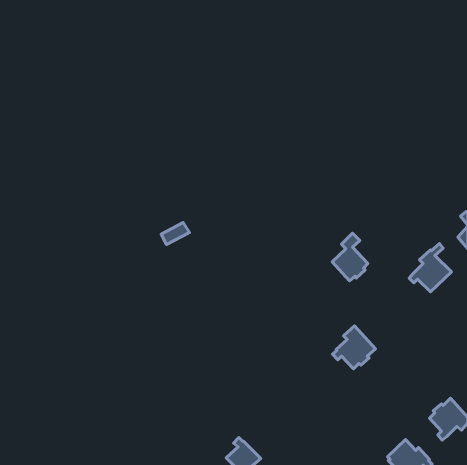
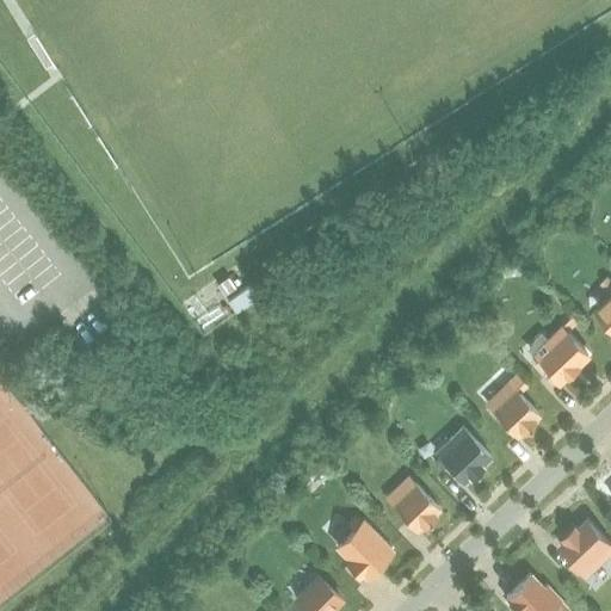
building: [332,233,368,281] -> [492,376,538,438]
building: none -> [393,480,438,532]
building: none -> [338,521,391,578]

